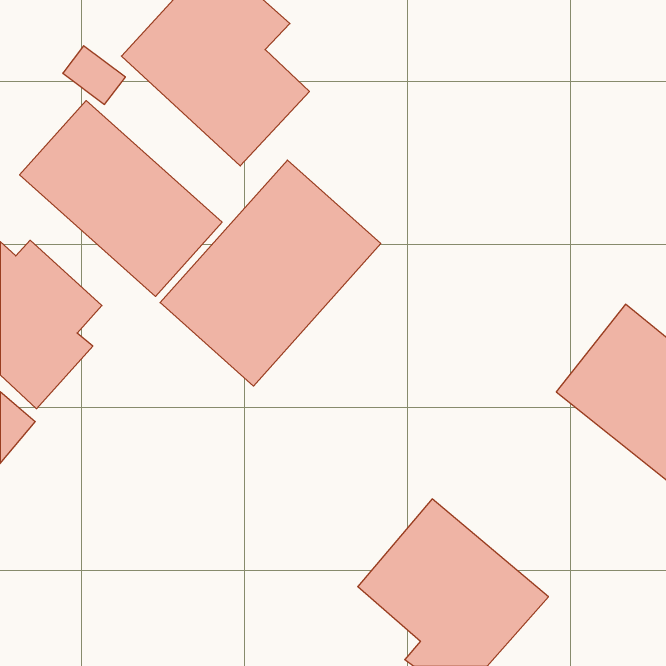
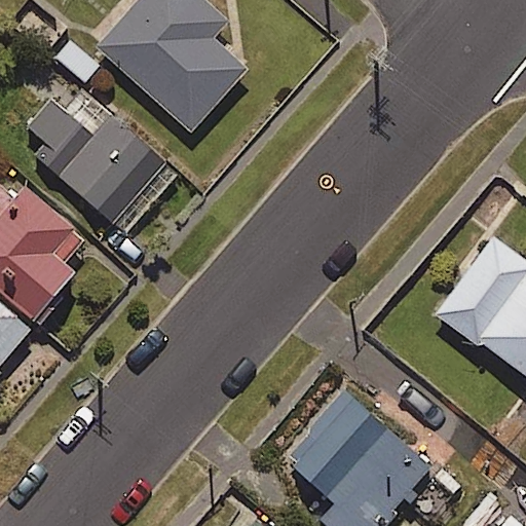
building: [160,160,381,386] -> none

